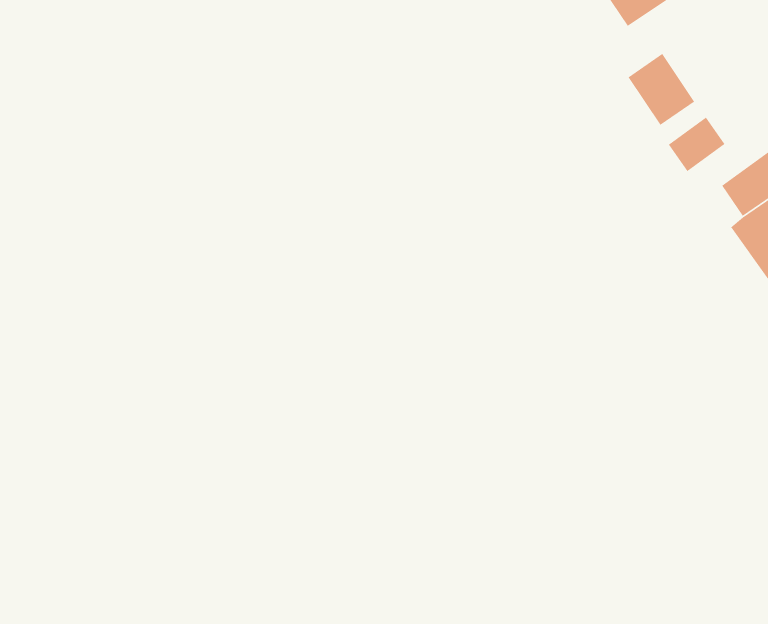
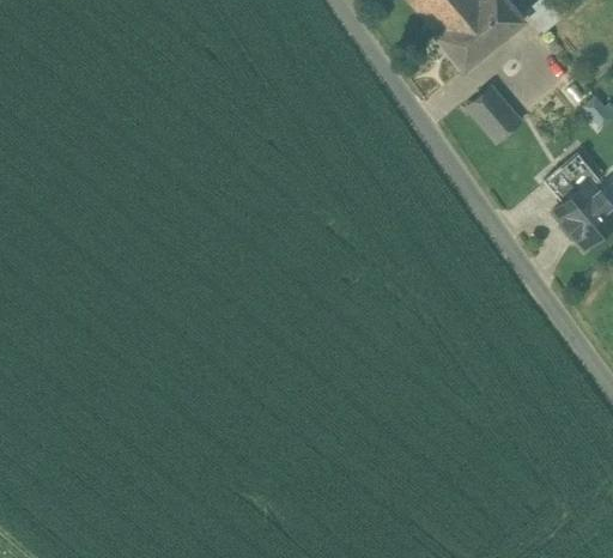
building: [668,117,725,172] -> none

